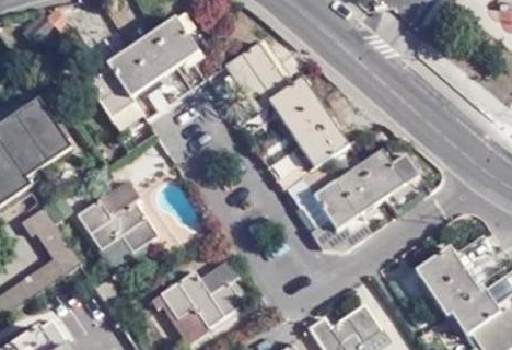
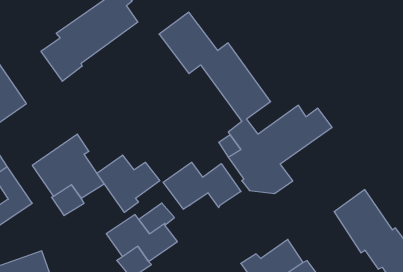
building: none -> [97,155,160,212]
building: none -> [163,162,241,209]

